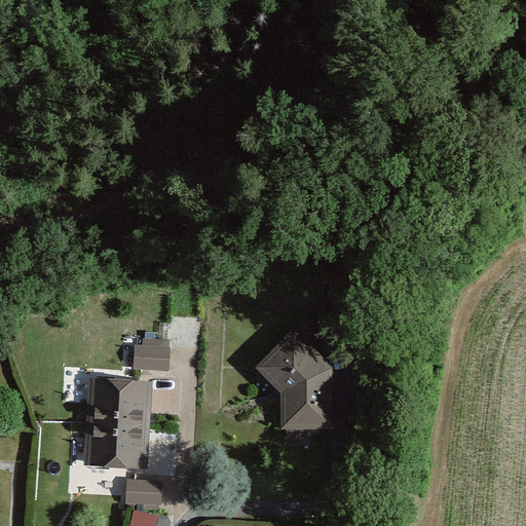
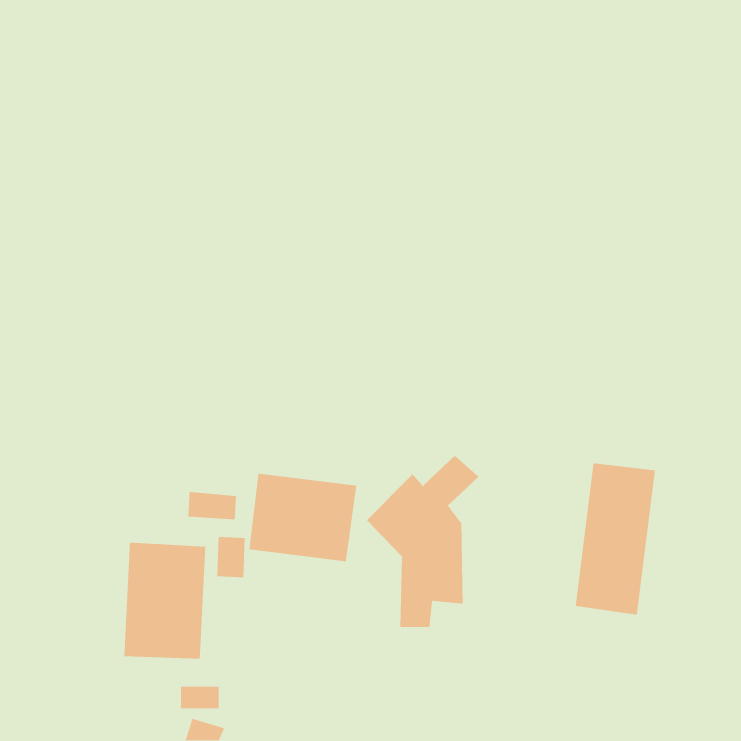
building: none -> [575,463,656,616]
building: none -> [248,473,357,562]

